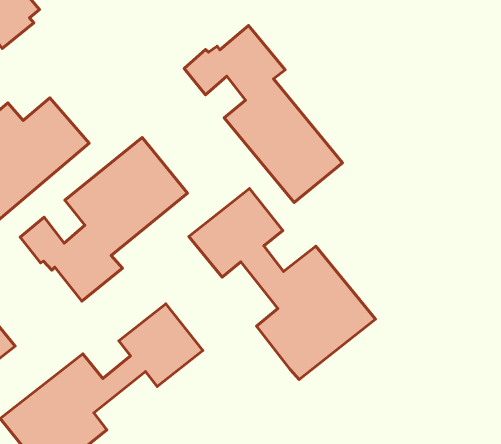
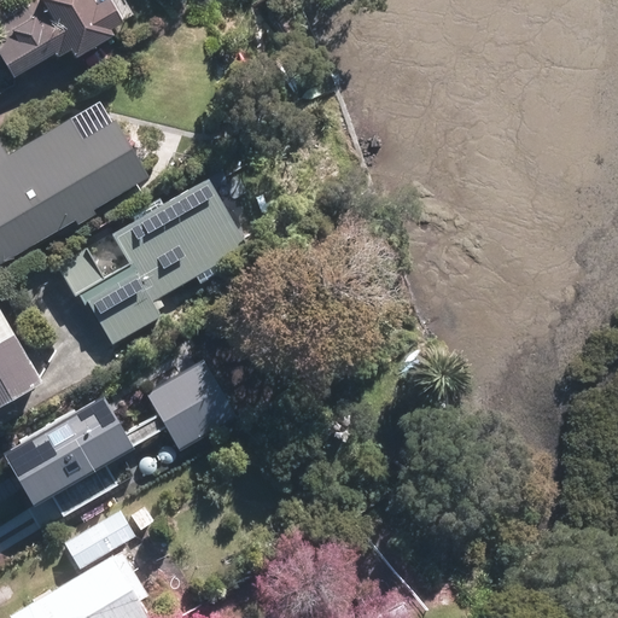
building: [184,26,342,202] -> none
building: [189,189,375,379] -> none

